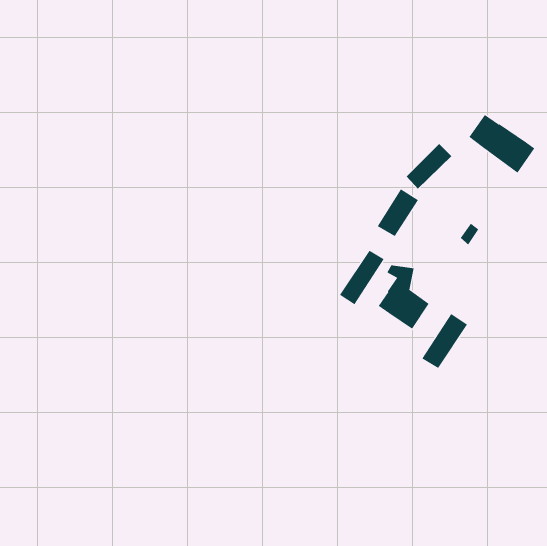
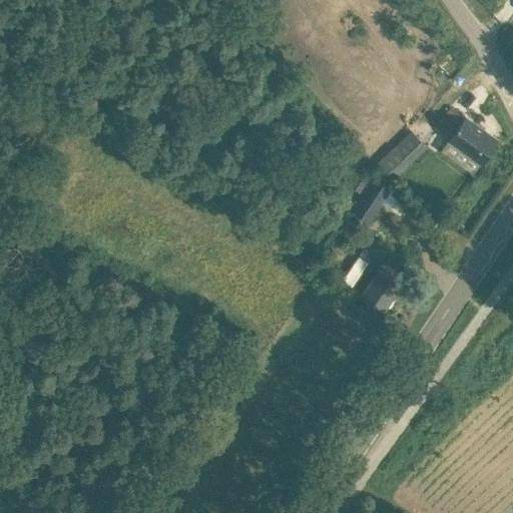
building: [339,250,384,305] -> none
building: [422,313,468,369] -> none

